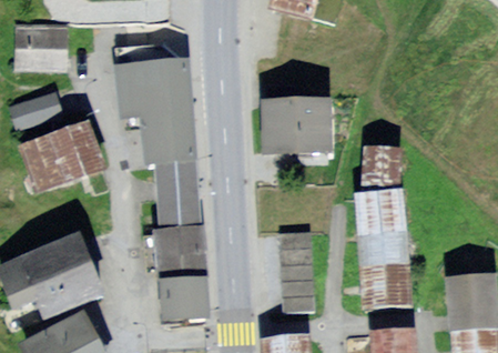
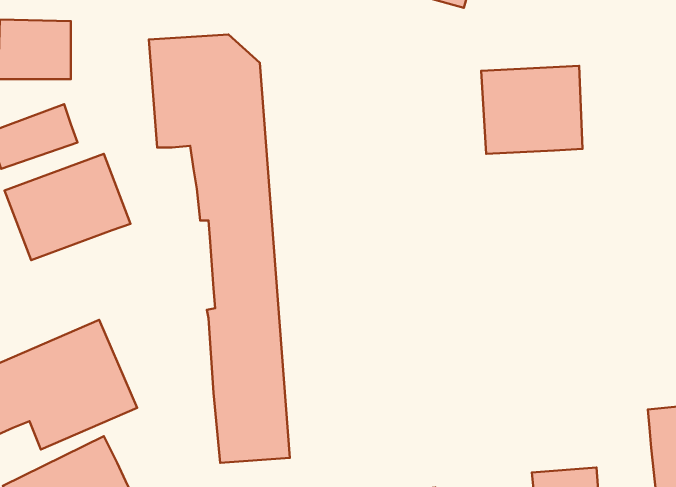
building: [262,94,329,153] -> [481,66,582,154]
building: [356,157,414,316] -> none
building: [274,233,314,312] -> none

